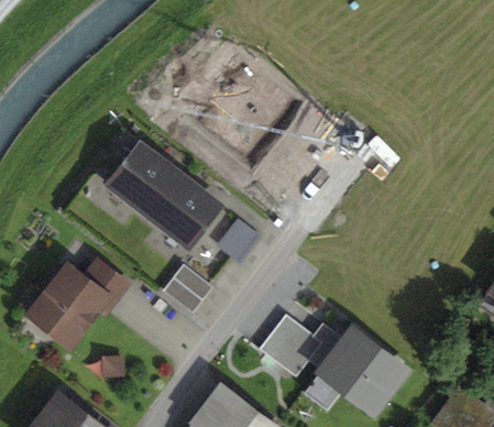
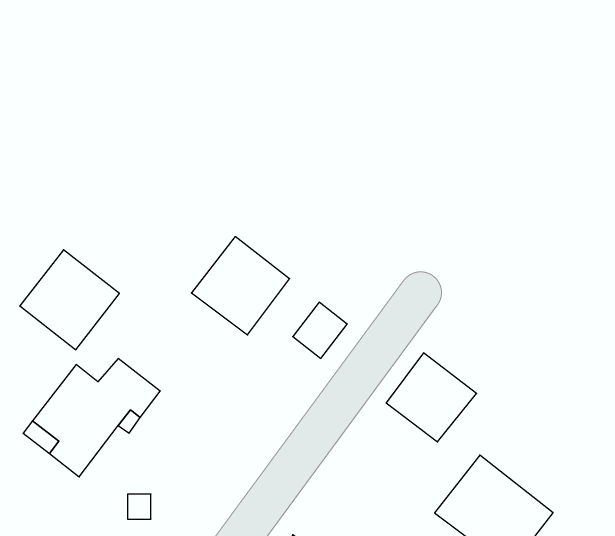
building: [109,144,179,215] -> [20,250,119,350]
building: [163,265,209,310] -> none
building: [259,315,322,377] -> [386,353,477,442]

